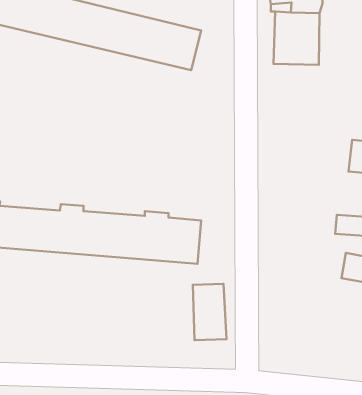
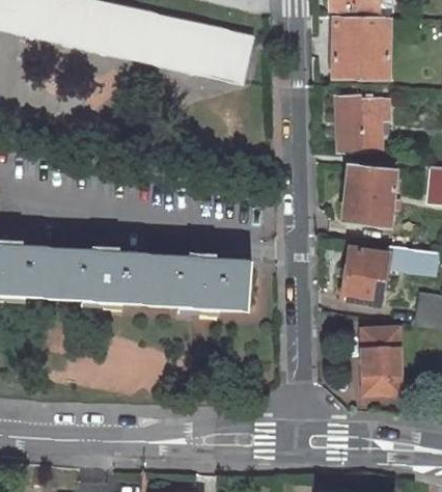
building: none -> [338,100,391,155]
building: none -> [341,170,393,229]
building: none -> [341,249,386,304]
building: [193,284,226,340] -> [362,328,400,392]

